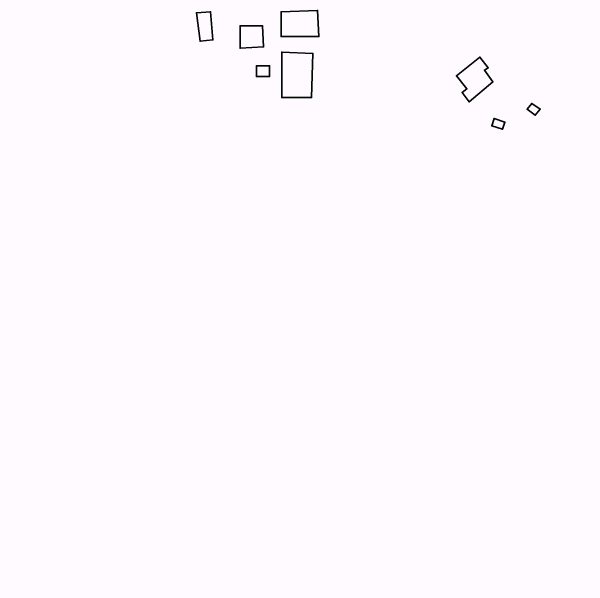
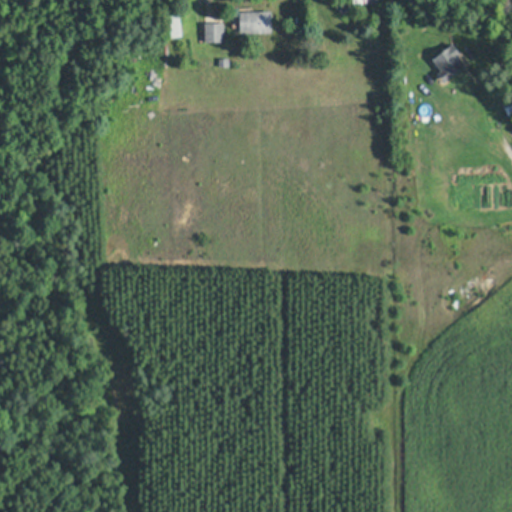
building: [282,52,313,97] -> none
building: [456,57,493,102] -> [434,45,465,83]

